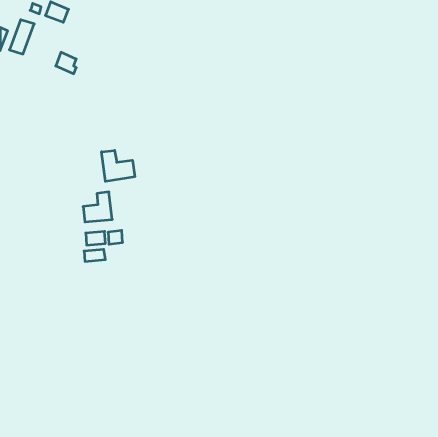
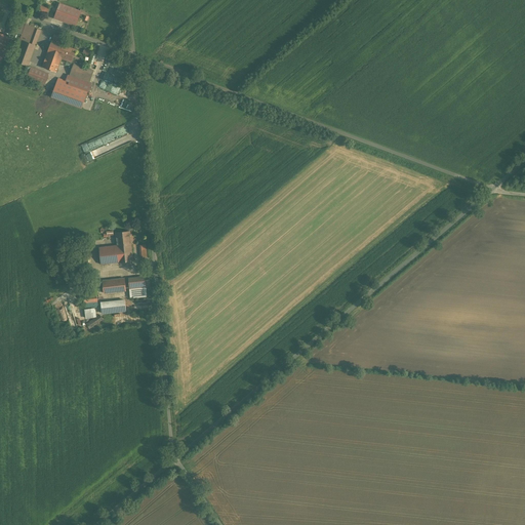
building: none -> [42,41,75,72]
building: none -> [51,77,88,108]
building: [102,150,135,181] -> none

